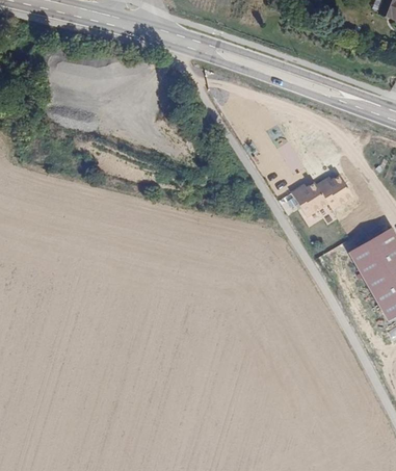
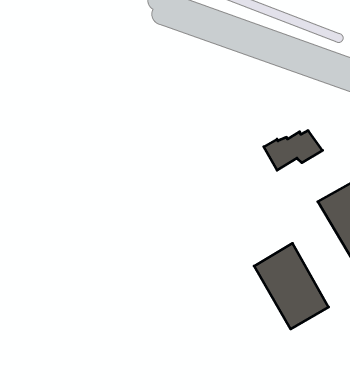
building: none -> [254,243,329,329]

